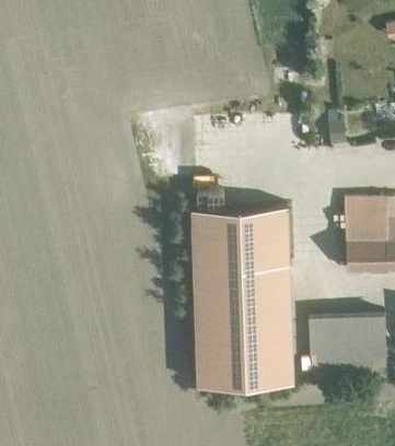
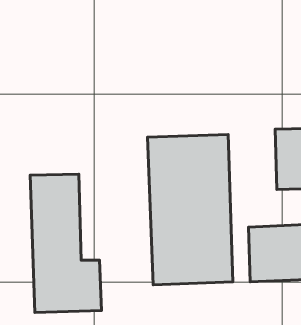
building: none -> [30,174,102,313]

